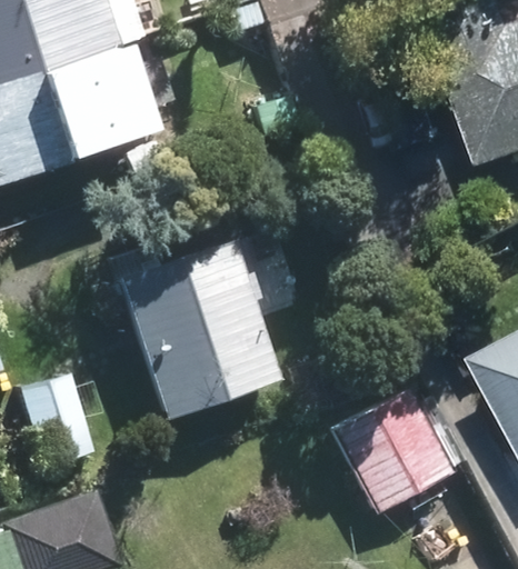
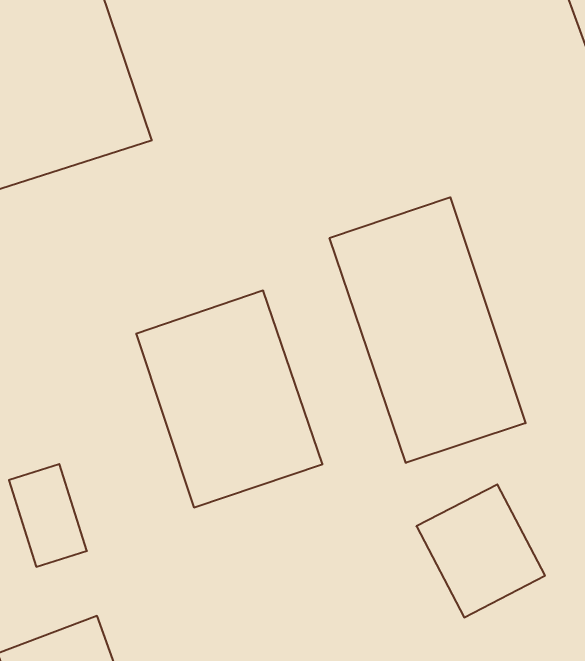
building: none -> [330,197,526,463]

